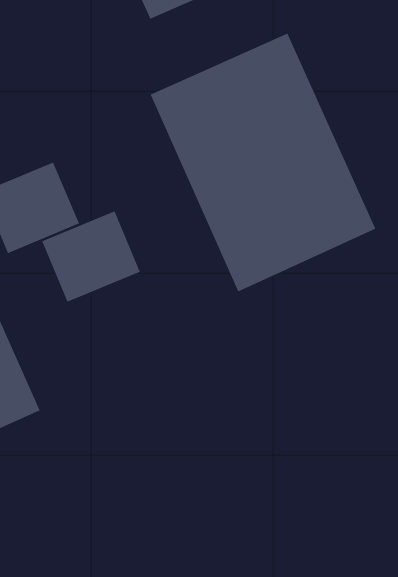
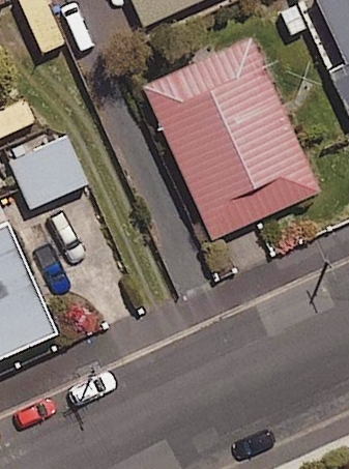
building: [42,211,140,302] -> none

